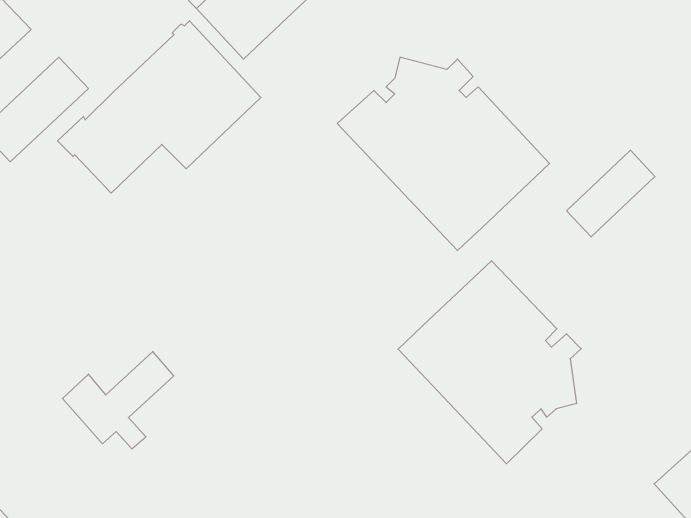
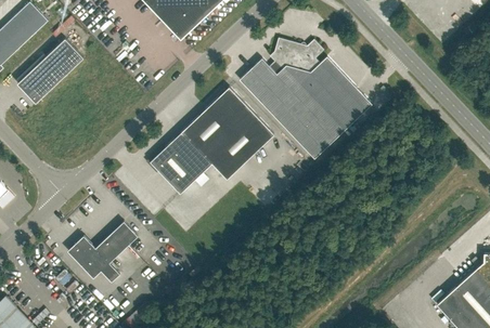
building: [57,21,261,193] -> [147,87,274,194]
building: [567,150,655,237] -> none
building: [398,261,581,464] -> none

